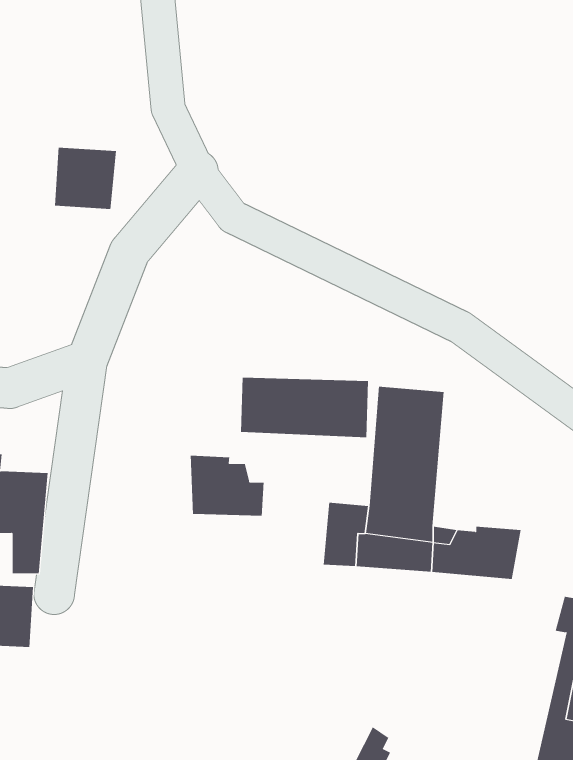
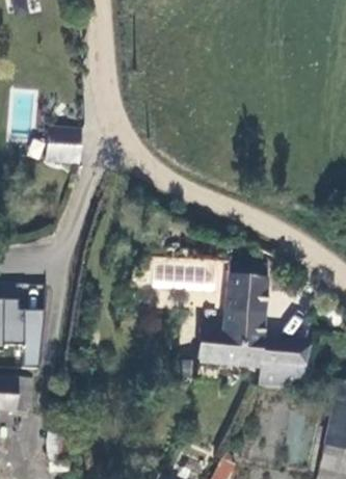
building: [190,455,264,517] -> none

